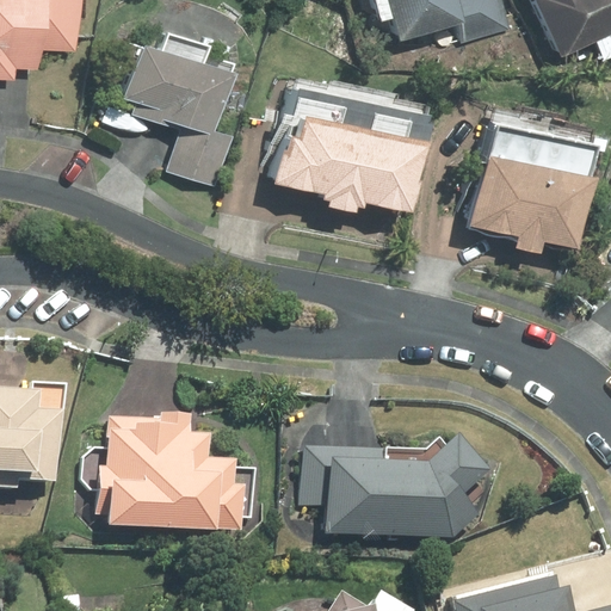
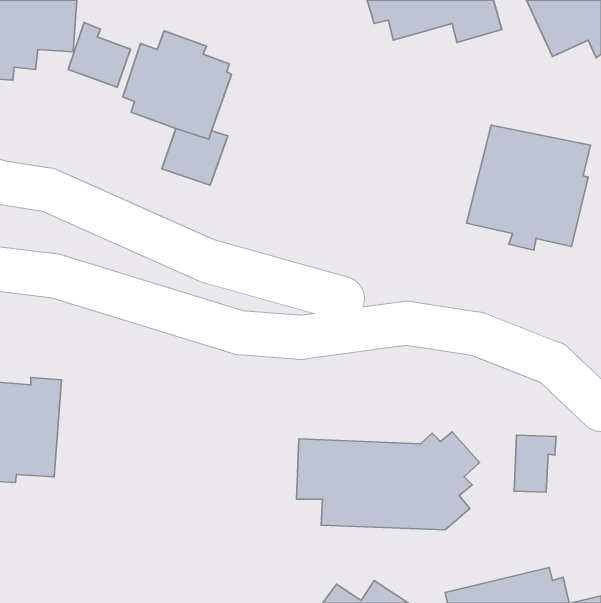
building: none -> [68,23,130,87]
building: [277,79,433,214] -> none
building: [80,412,251,529] -> none
building: none -> [514,435,556,492]

